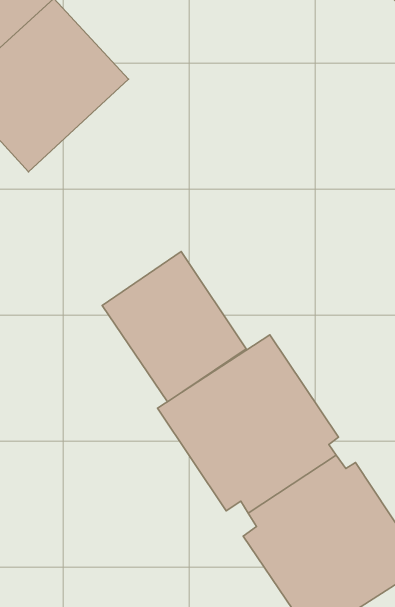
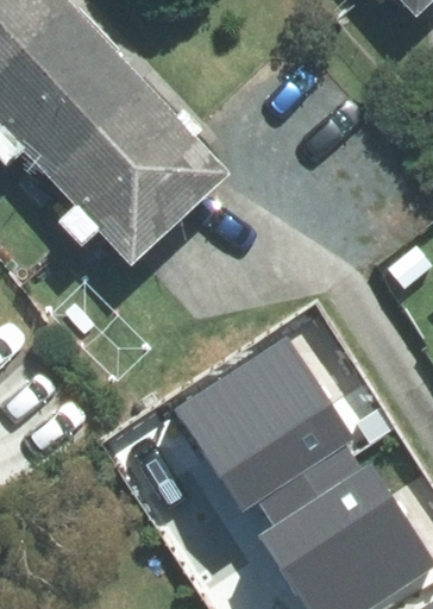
building: none -> [48,84,228,264]
building: [102,252,246,402] -> none

